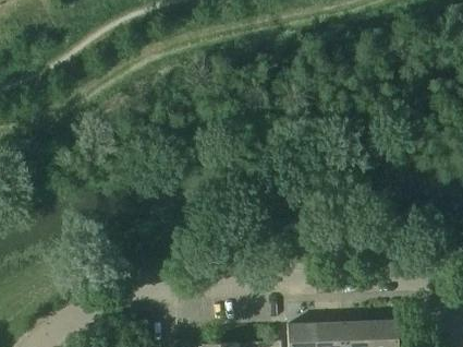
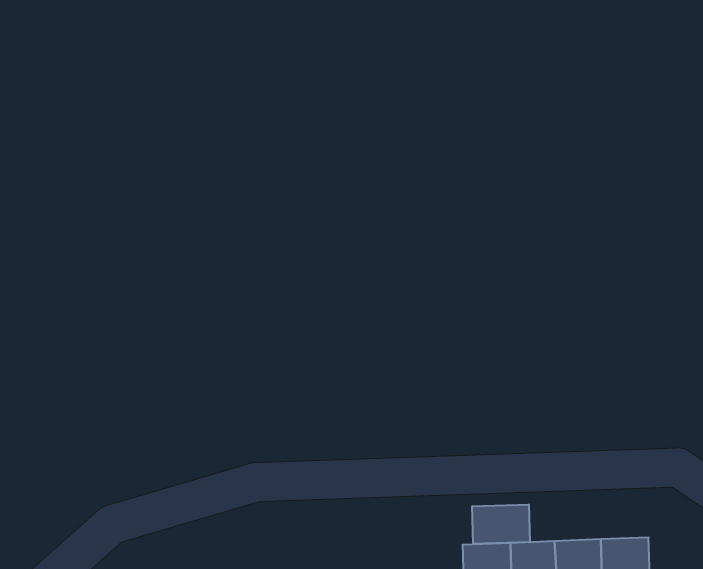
building: none -> [472,504,530,544]

